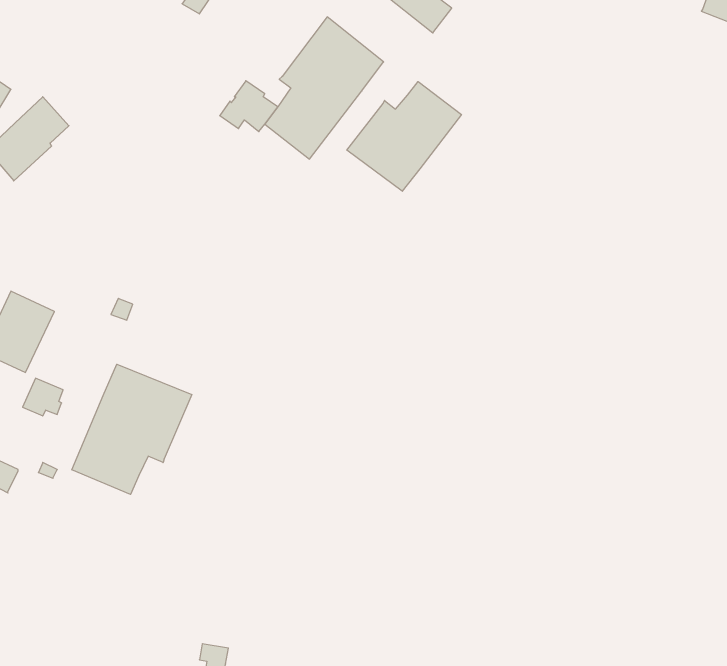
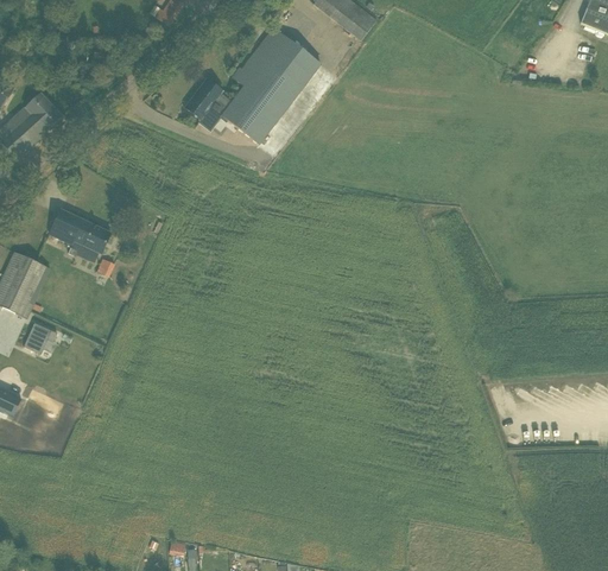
building: [347,82,461,191] -> none
building: none -> [49,210,110,255]
building: [72,364,192,494] -> none

